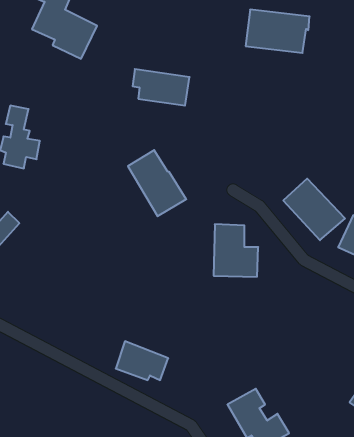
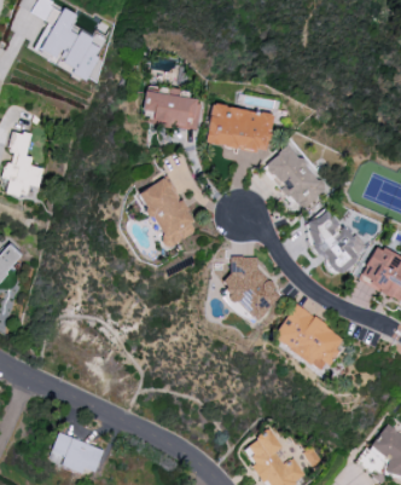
building: [246,10,310,53] -> [207,105,274,151]
building: none -> [265,145,326,210]
building: none -> [273,305,345,371]
building: [116,341,168,380] -> [48,432,104,473]

